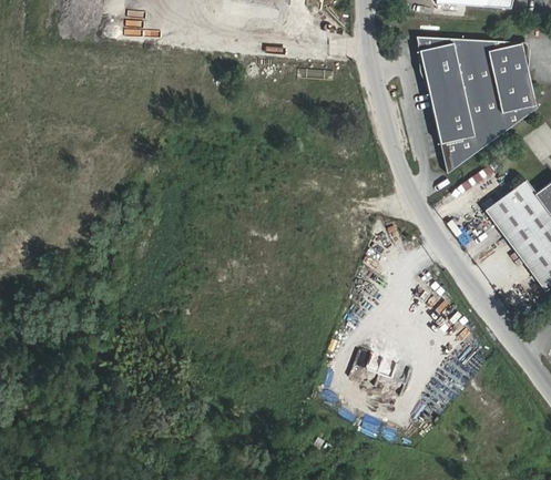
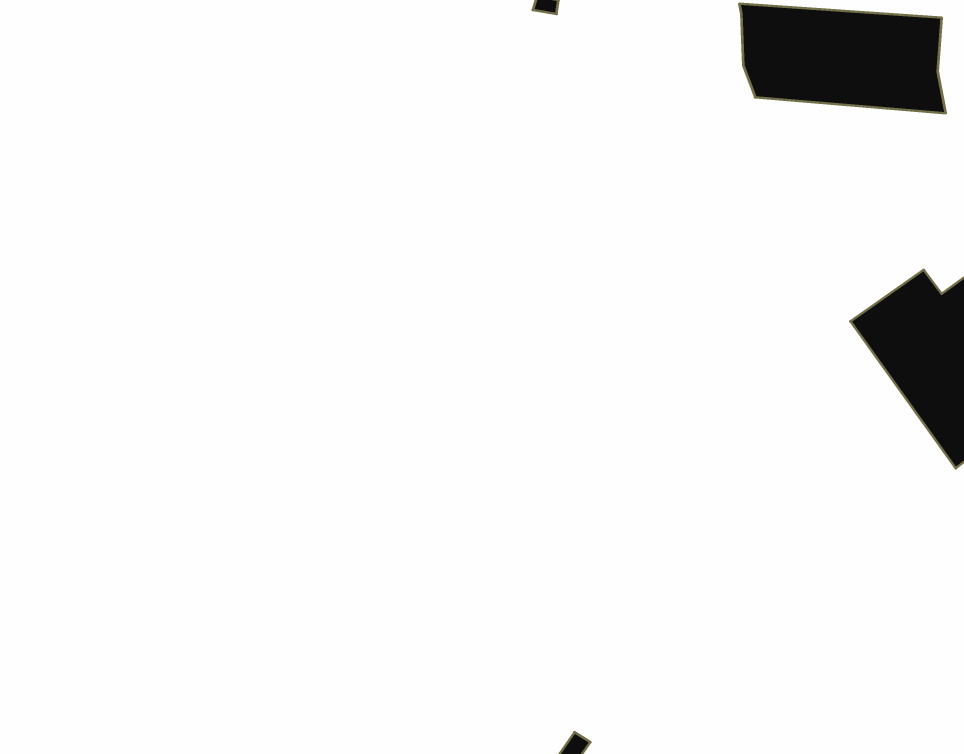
building: [428,85,537,171] -> none

